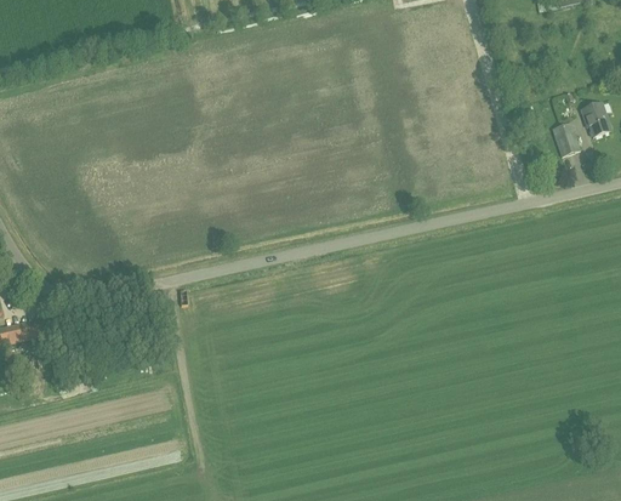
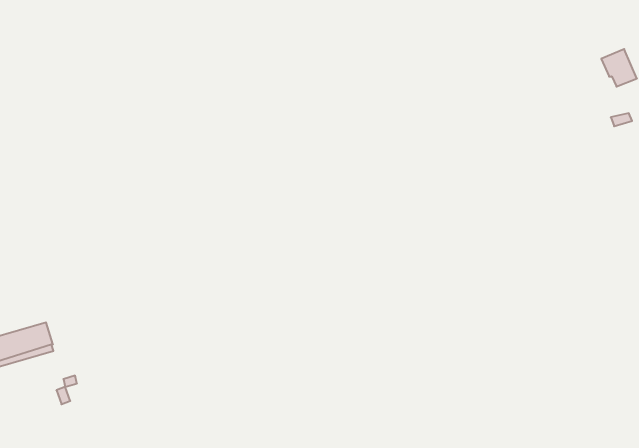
building: [552,121,580,154] -> none

